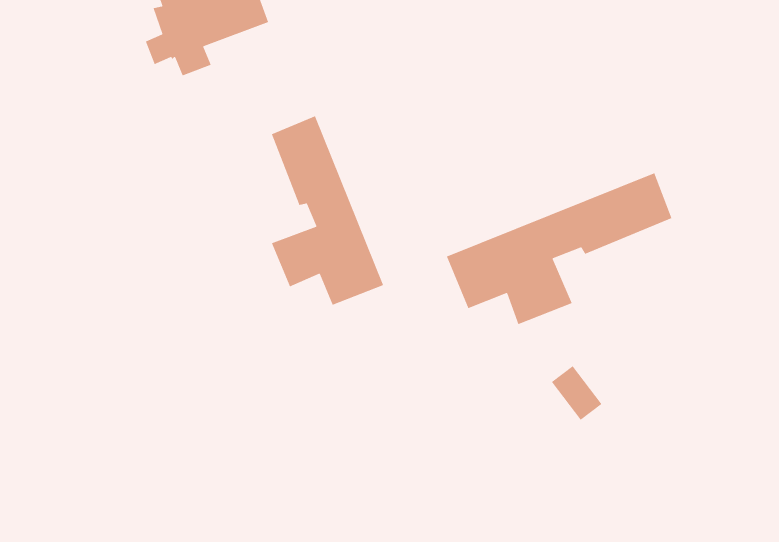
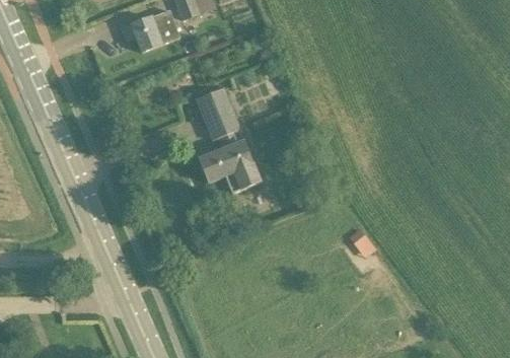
building: [446,172,672,325] -> none

